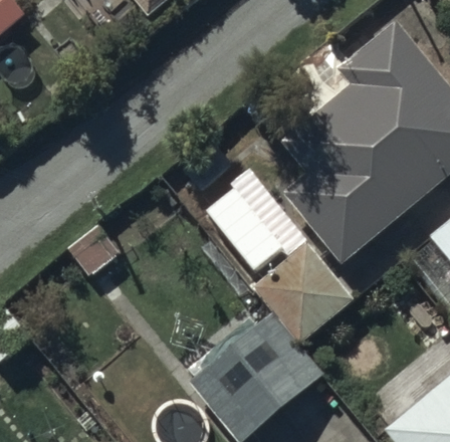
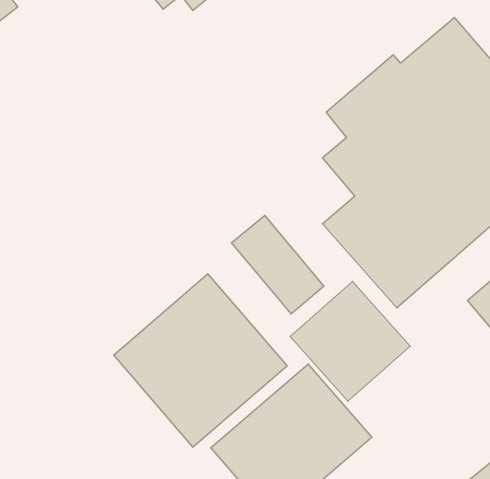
building: none -> [114,274,287,447]

